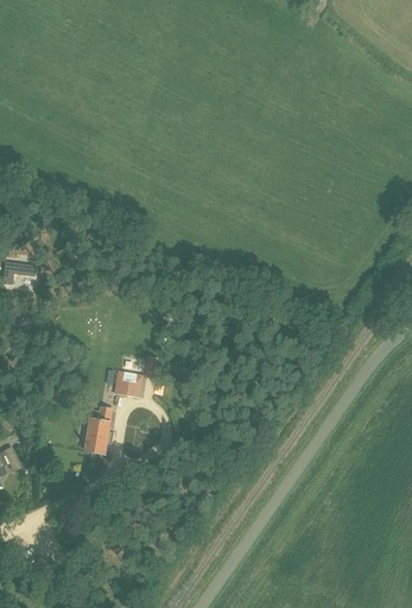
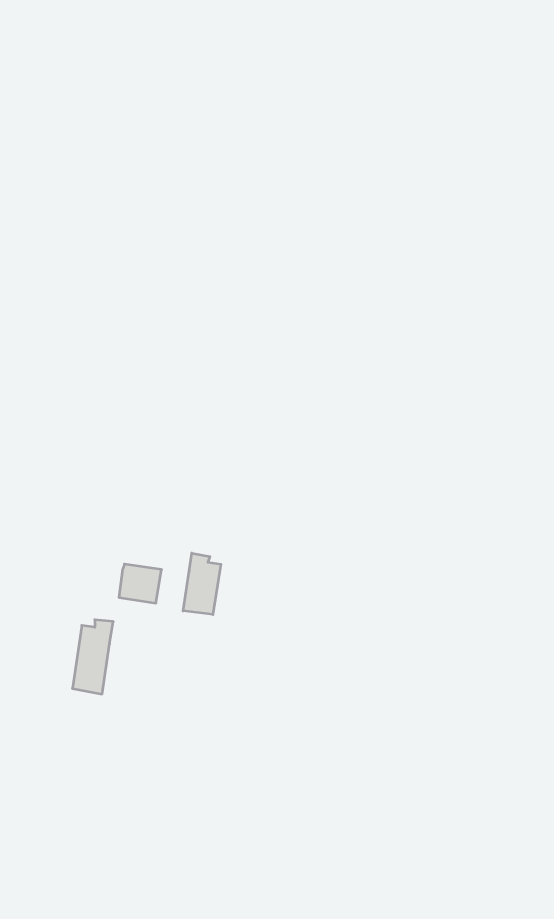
building: none -> [183,553,221,615]

